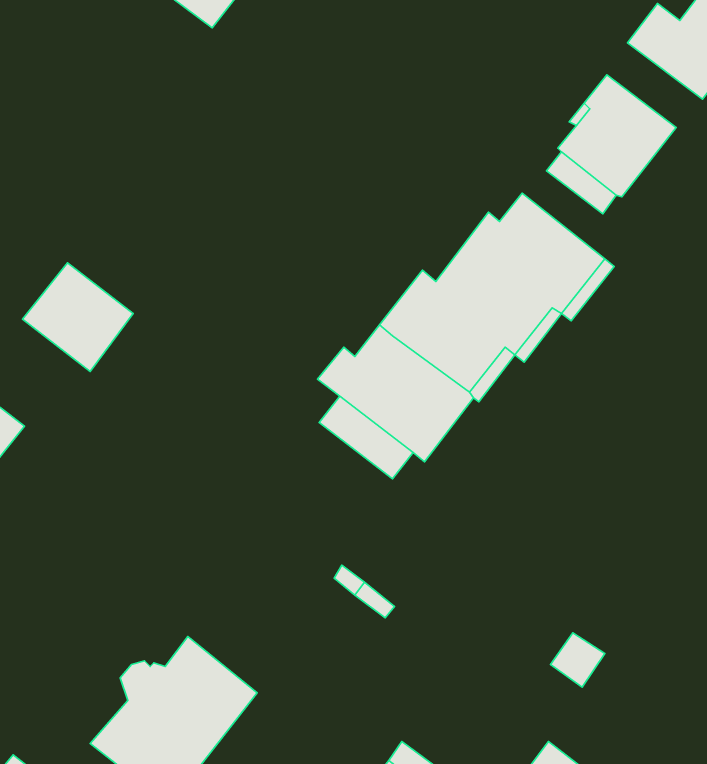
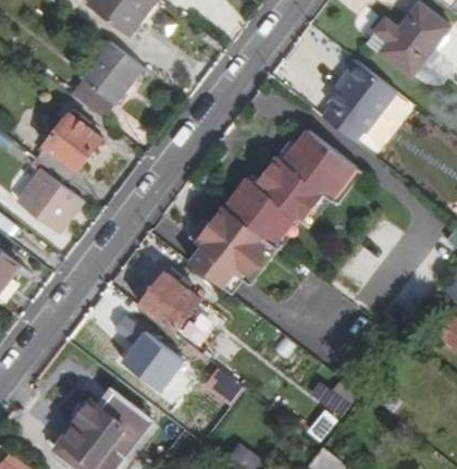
building: none -> [74,44,140,118]
building: none -> [36,109,102,183]
building: none -> [140,273,200,334]
building: none -> [114,316,183,392]

